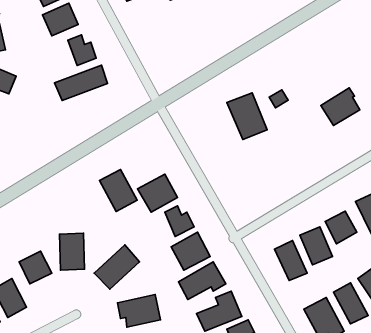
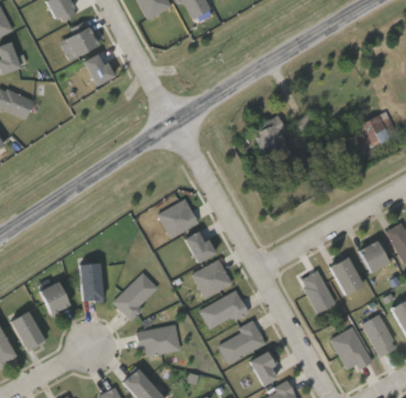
building: [55,65,107,100] -> none
building: [99,169,137,211] -> none

